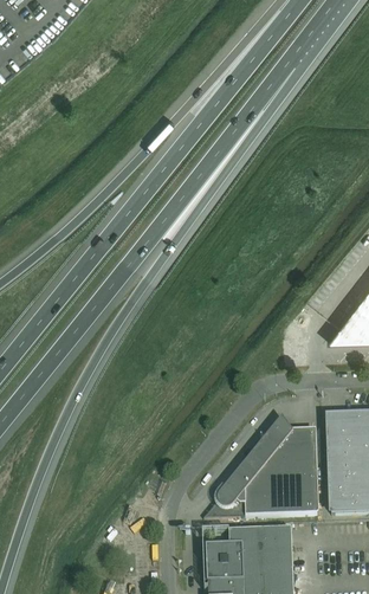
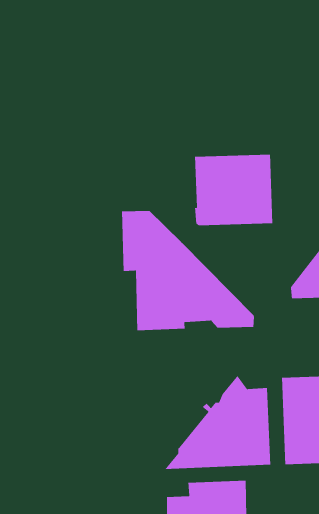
building: none -> [194,154,273,226]
building: none -> [121,210,255,331]

